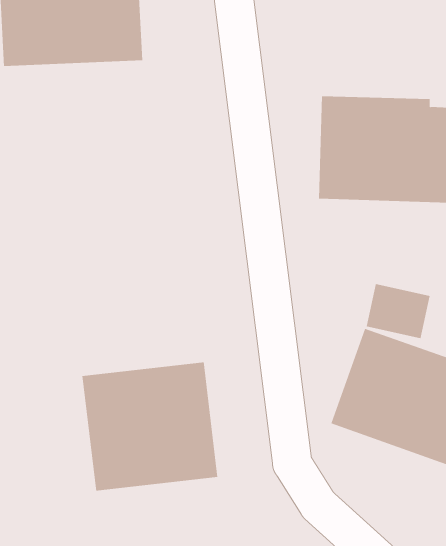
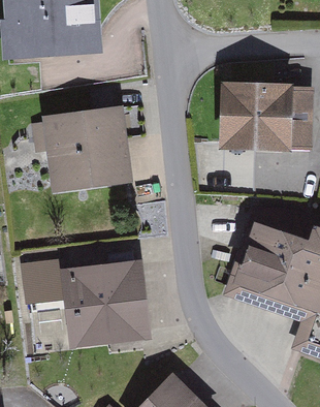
building: none -> [40,101,132,183]
building: none -> [24,259,54,306]

